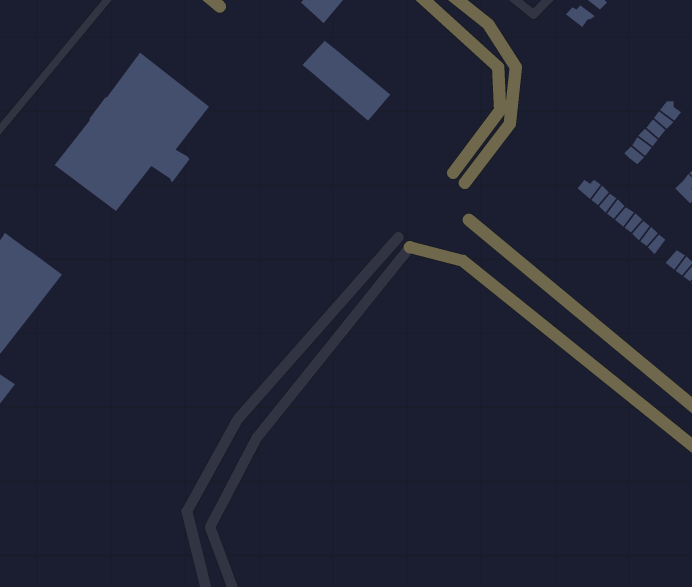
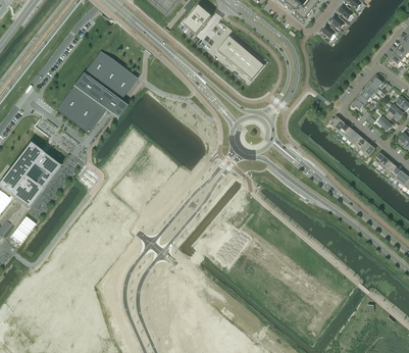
building: [301,40,392,122] -> [217,37,264,80]

